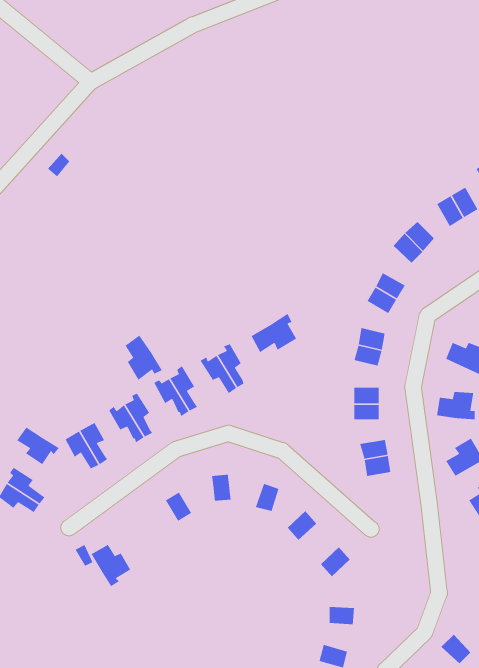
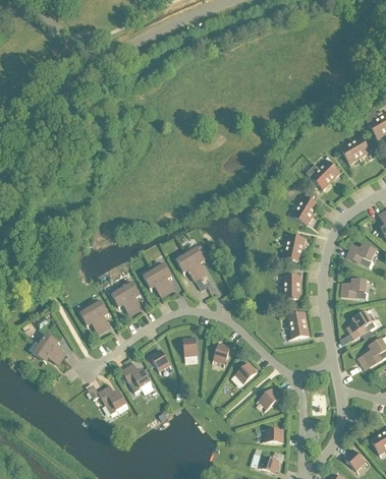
building: [251,313,297,353] -> none
building: [125,335,163,381] -> none
building: [16,426,60,465] -> none
building: none -> [122,363,150,394]

